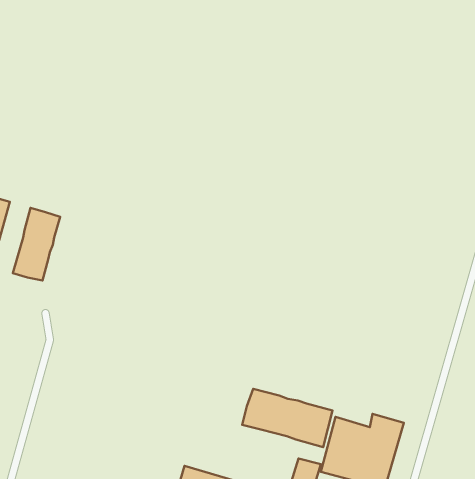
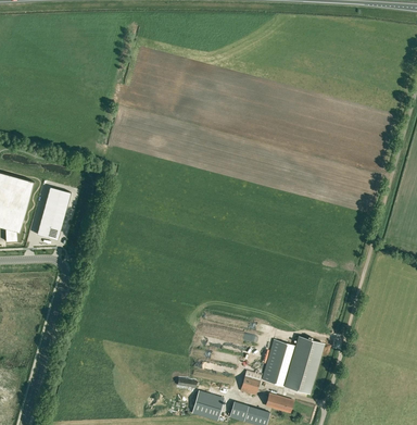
building: [242,389,332,447] -> none

